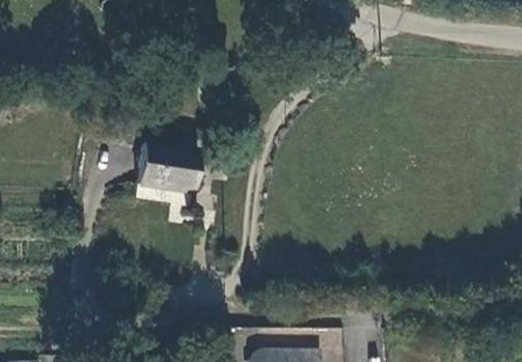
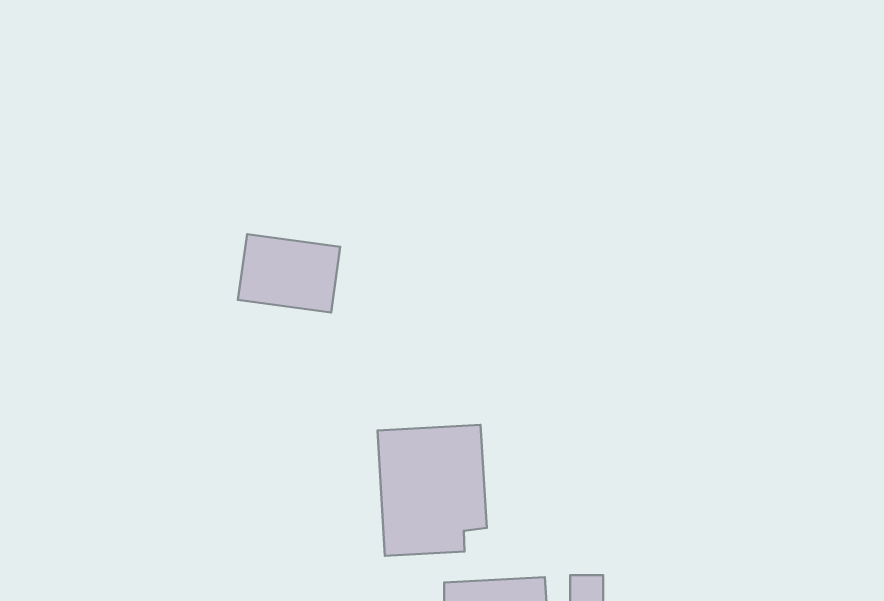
building: none -> [377,425,487,556]

